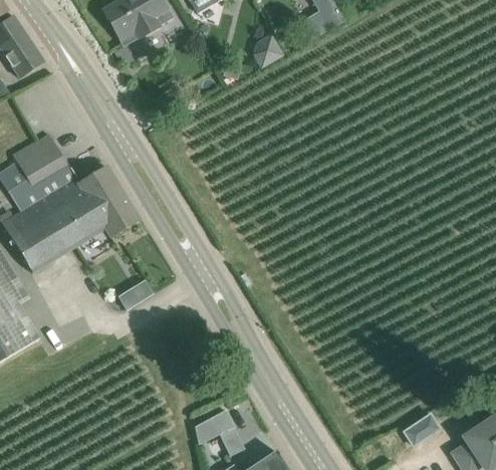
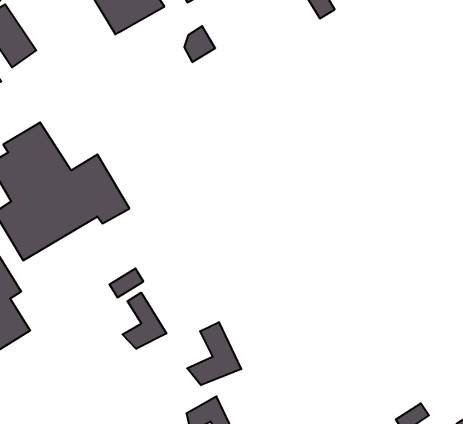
building: [252,32,283,68] -> [184,26,215,62]
building: none -> [122,293,166,349]
building: none -> [187,322,241,385]

